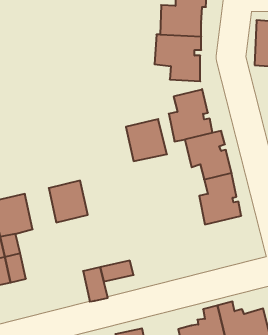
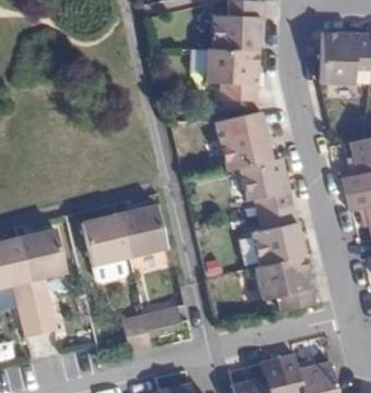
building: [126,119,167,161] -> [119,207,166,255]
building: none -> [254,256,315,312]

